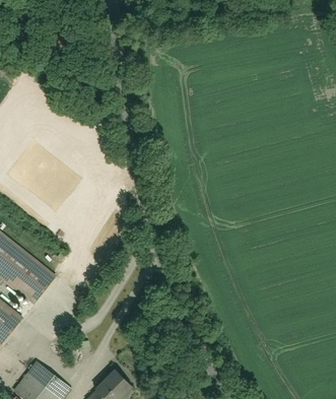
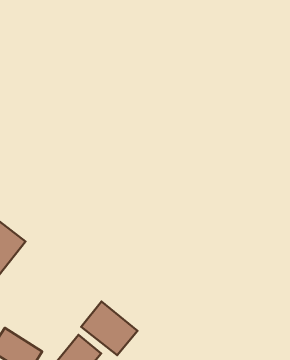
building: none -> [81,302,137,355]

